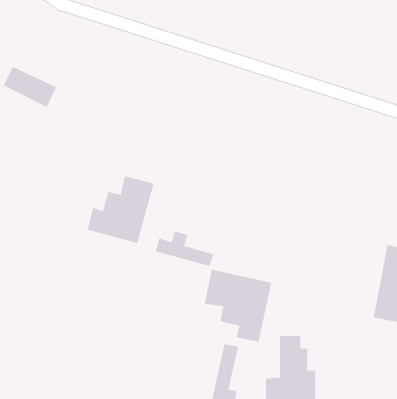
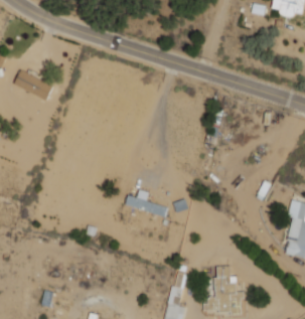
building: [87,175,154,244] -> none
building: [204,269,272,343] -> none

